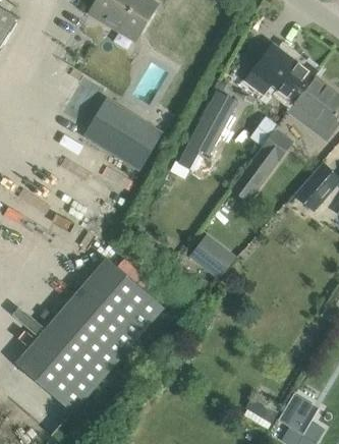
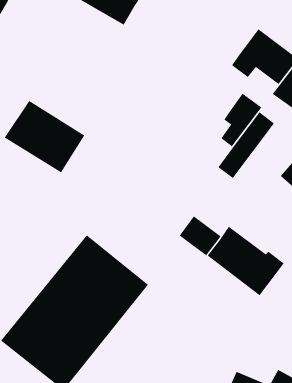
building: [177,91,237,169] -> none
building: [78,95,162,170] -> [4,100,85,173]
building: none -> [207,226,284,296]

